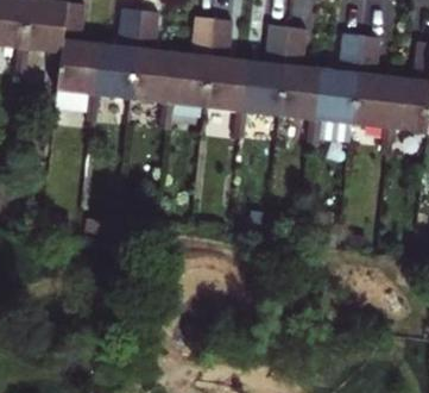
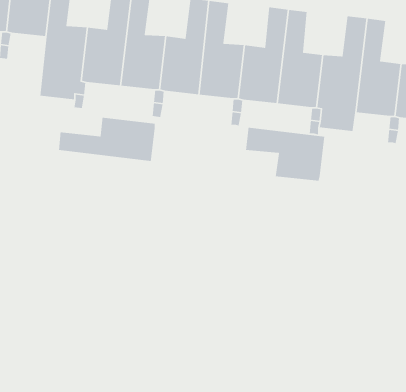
building: none -> [58,117,156,162]
building: none -> [245,127,325,182]

